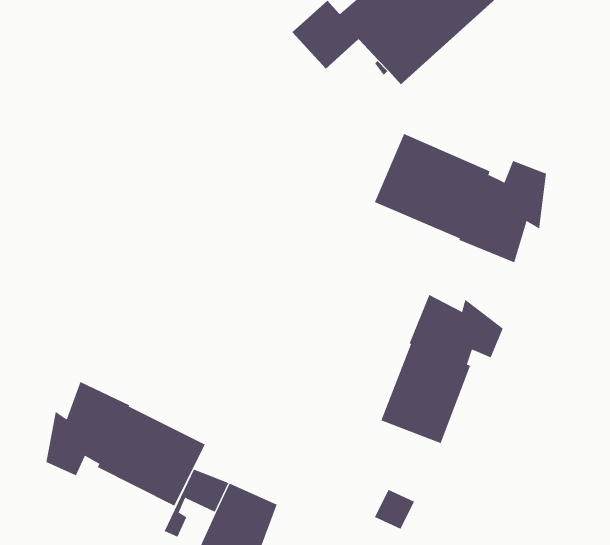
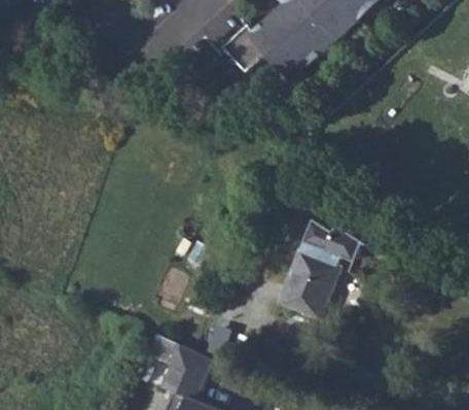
building: [374,133,547,263] -> none
building: [46,381,206,507] -> none

